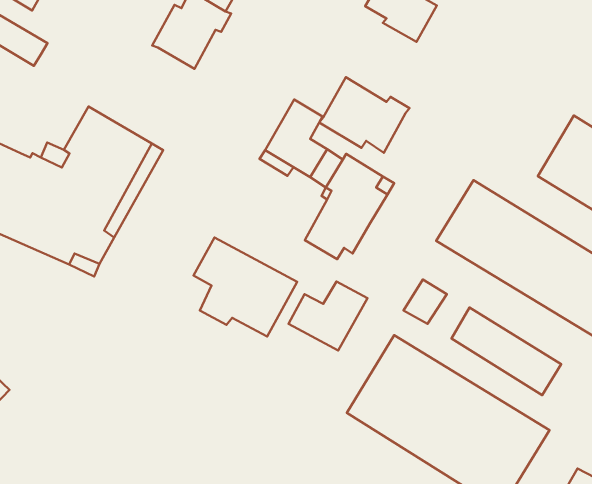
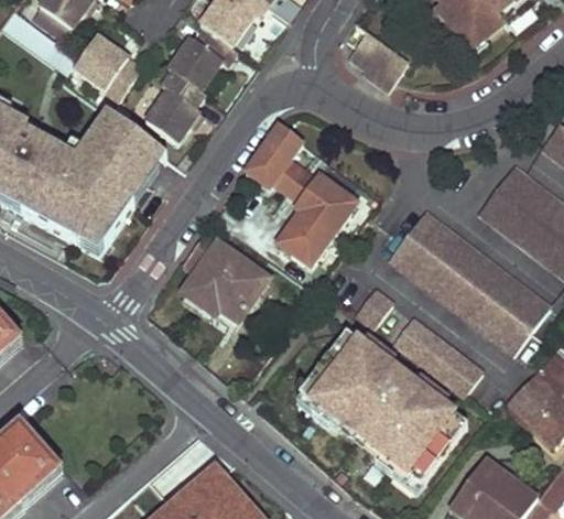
building: none -> [75,33,142,97]
building: none -> [145,69,205,141]
building: [319,77,409,153] -> none
building: [288,281,367,350] -> none

